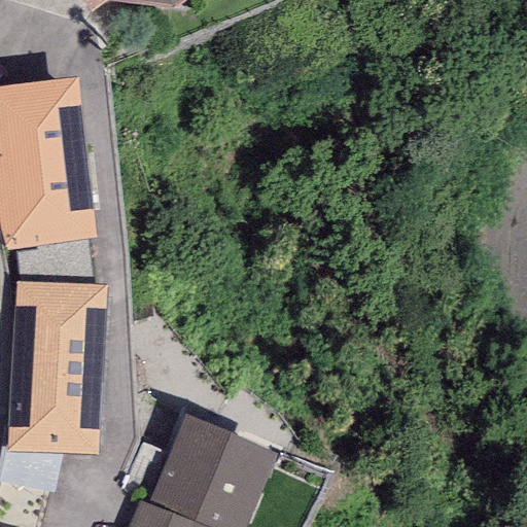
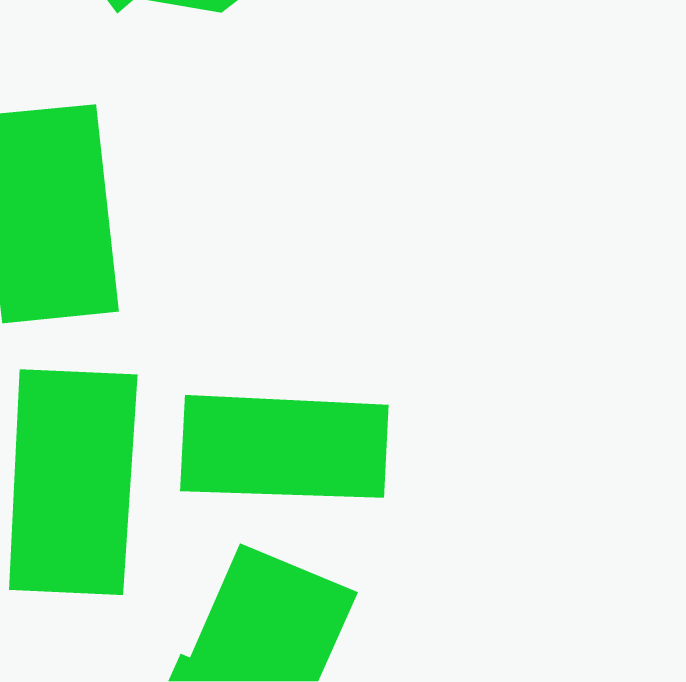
building: none -> [179,394,390,499]

